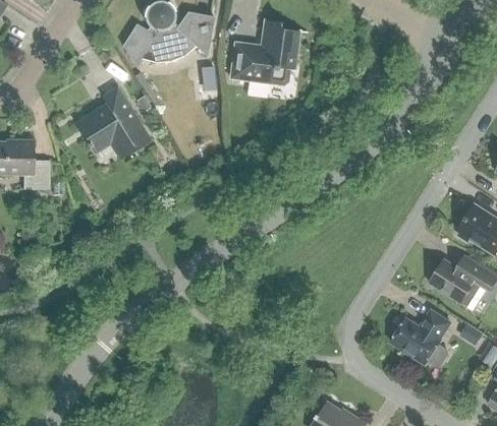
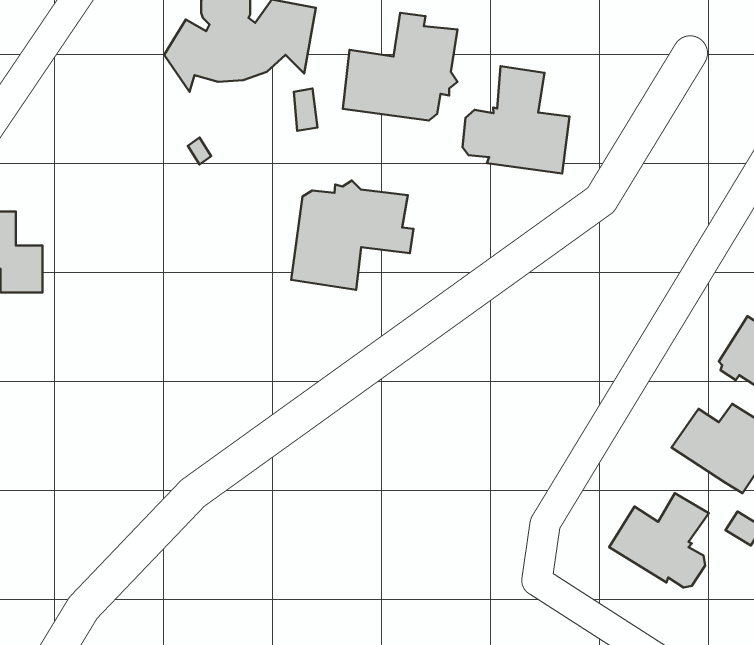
building: none -> [463,66,570,174]
building: [74,86,151,159] -> none
building: none -> [291,181,413,290]

